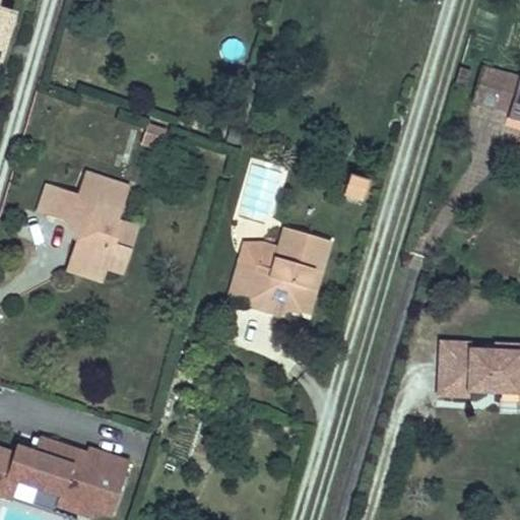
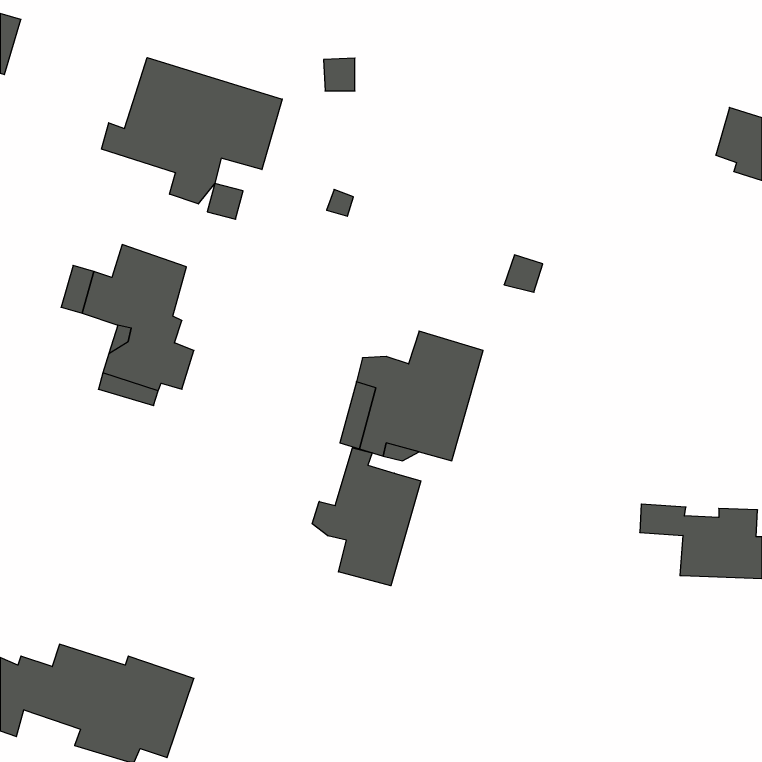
building: none -> [101,58,282,204]
building: none -> [312,448,421,586]
building: [434,363,465,397] -> none

